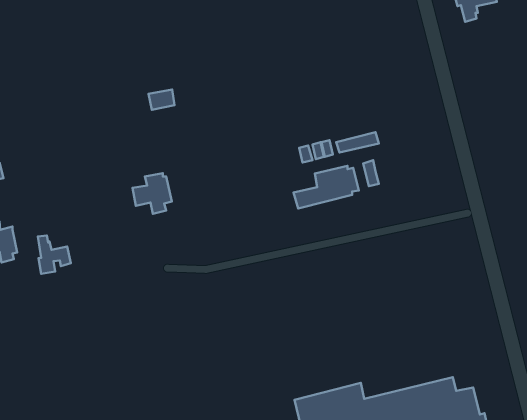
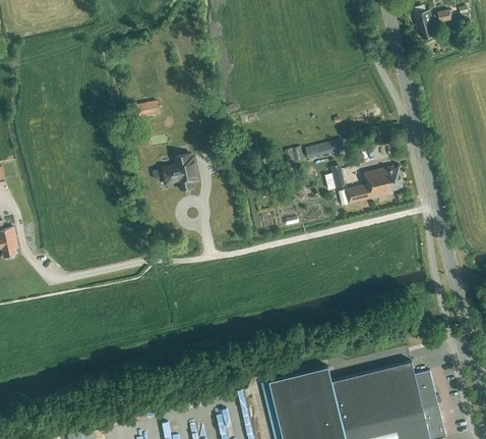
building: [294,166,359,208] -> [345,166,404,205]
building: [133,173,172,214] -> [163,155,198,191]
building: [38,236,71,274] -> none

